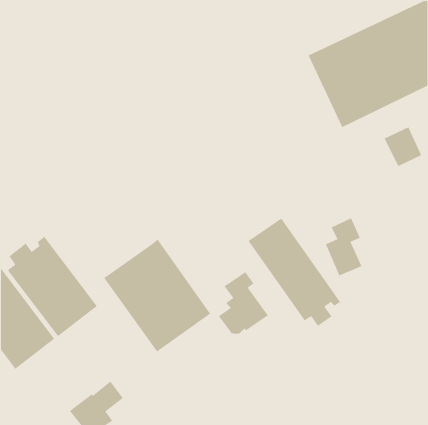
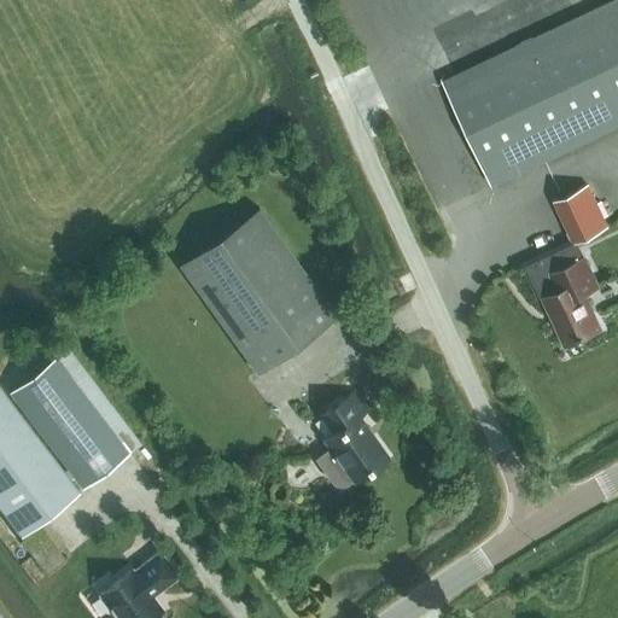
building: [325,217,362,277] -> [546,260,600,345]
building: [248,218,341,327] -> none
building: [103,239,211,352] -> [180,210,336,374]

